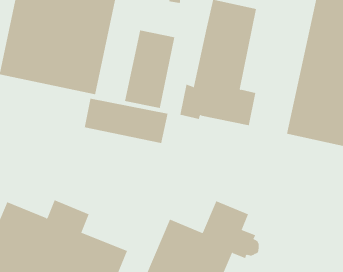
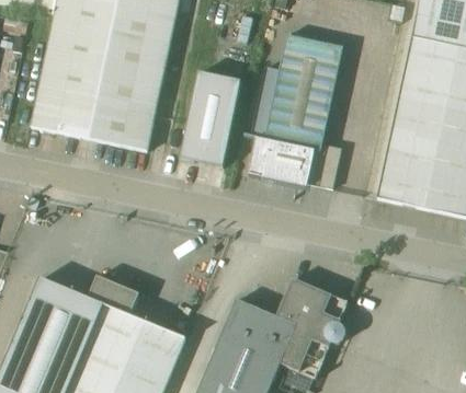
building: [84,98,168,144] -> none

